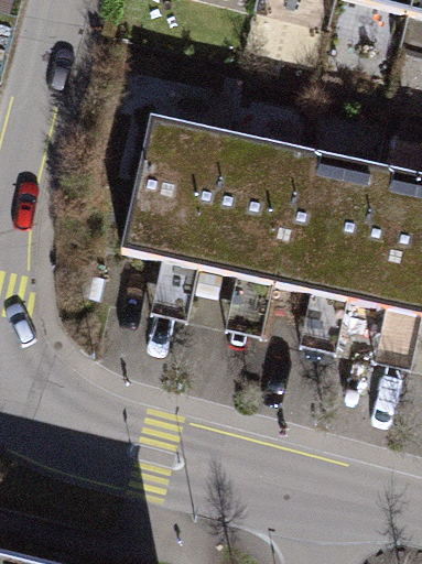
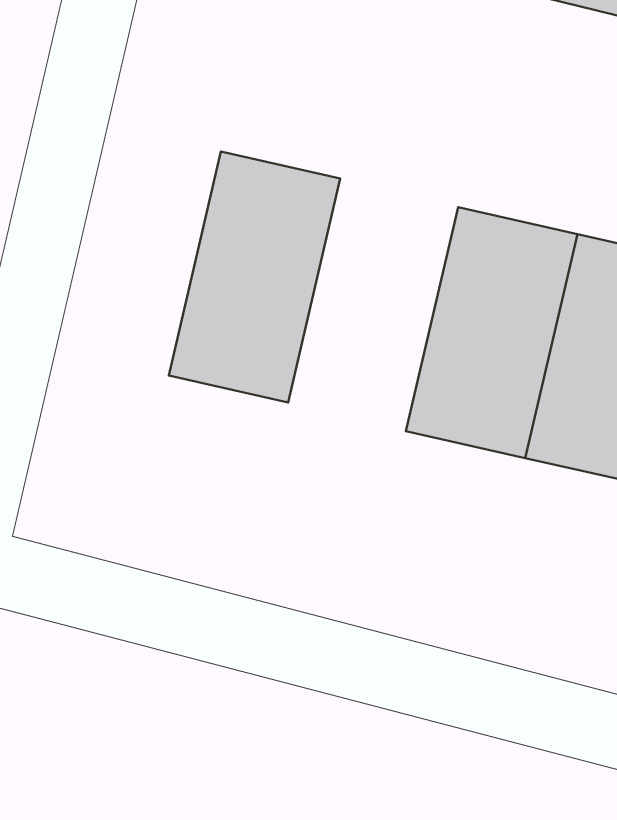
building: [197,121,309,286] -> none

